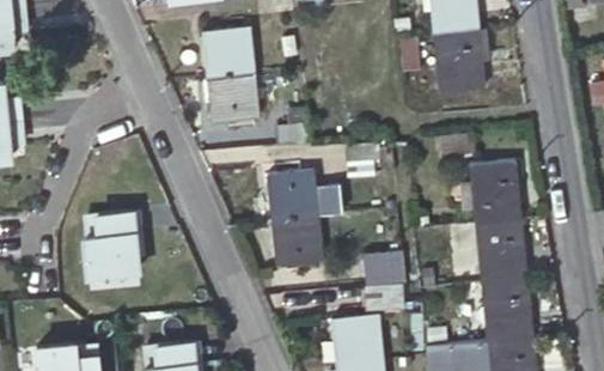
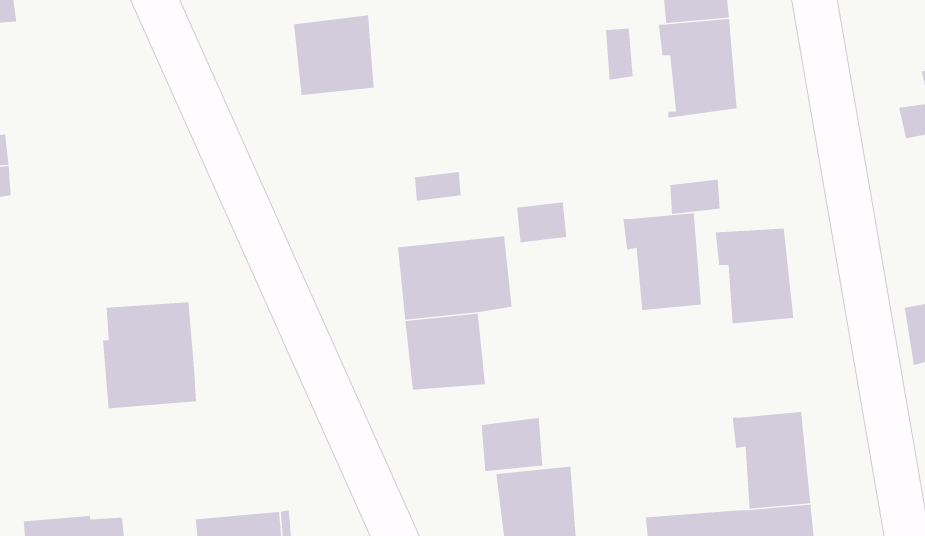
building: [207,73,258,123] -> none
building: [474,219,524,281] -> [623,213,702,311]
building: [364,251,403,286] -> [481,417,543,472]

